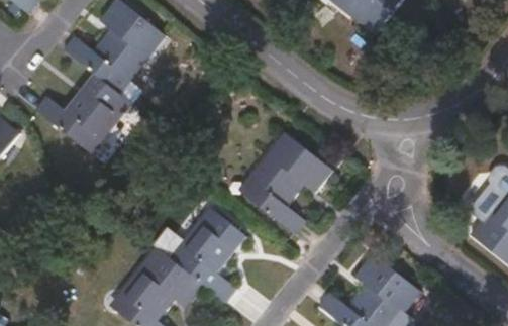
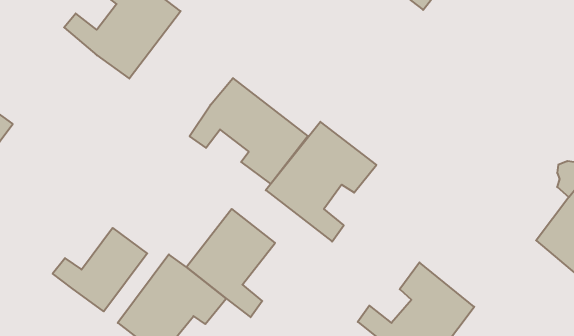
building: [34,74,130,154] -> none
building: none -> [190,78,308,184]
building: none -> [53,228,147,311]

